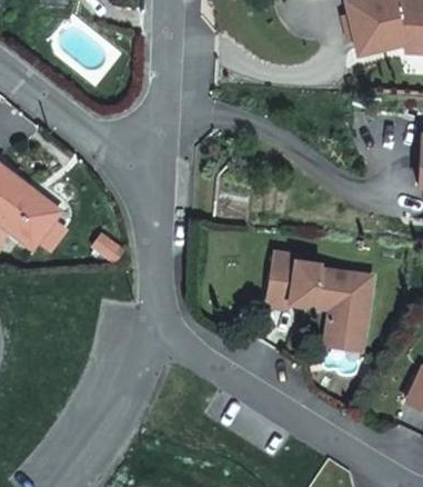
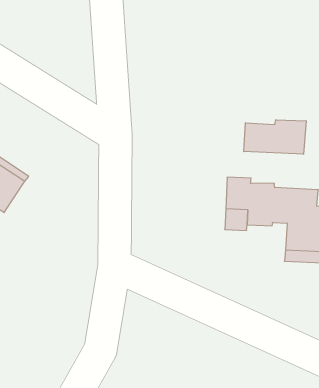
building: none -> [244,120,306,154]

